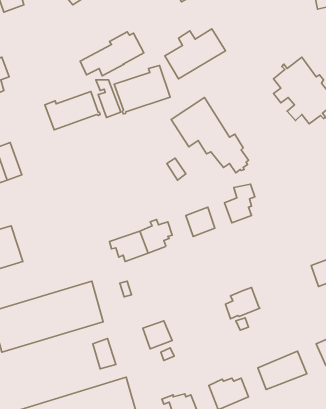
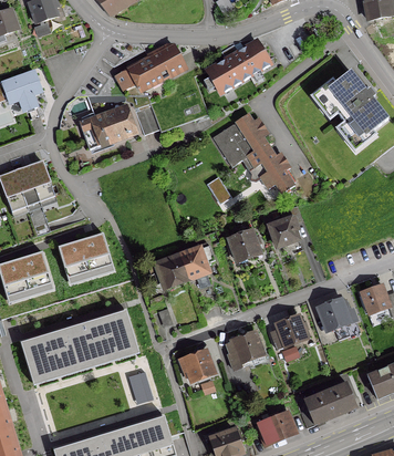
building: [114,66,170,114] -> none
building: none -> [58,231,116,283]
building: none -> [318,299,355,330]
building: none -> [226,332,262,370]

